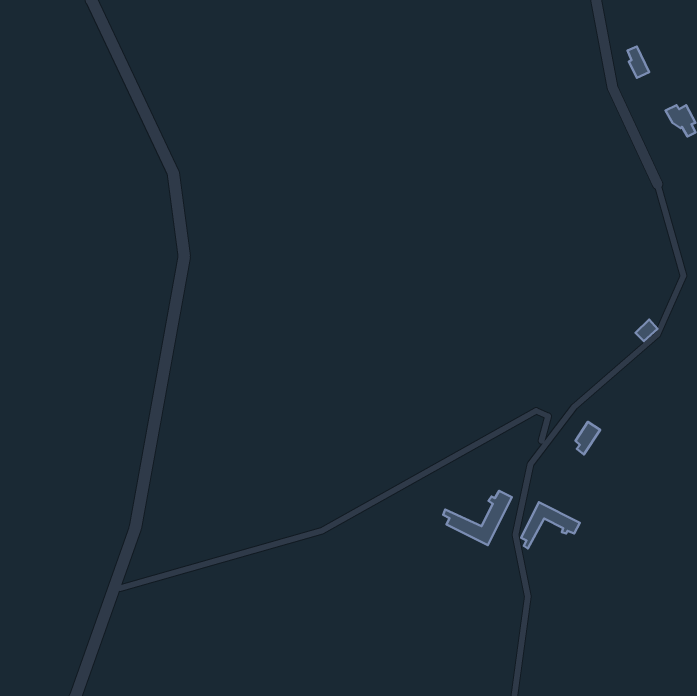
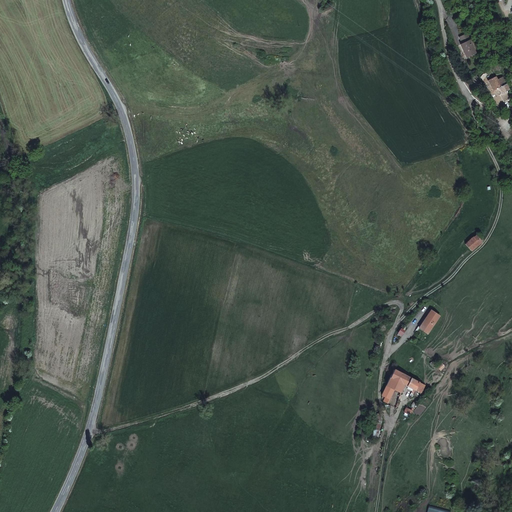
building: [443,491,512,545] -> none

